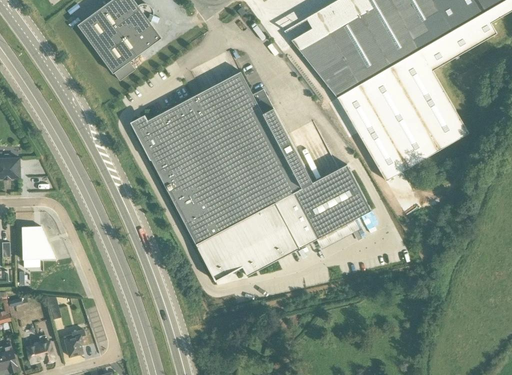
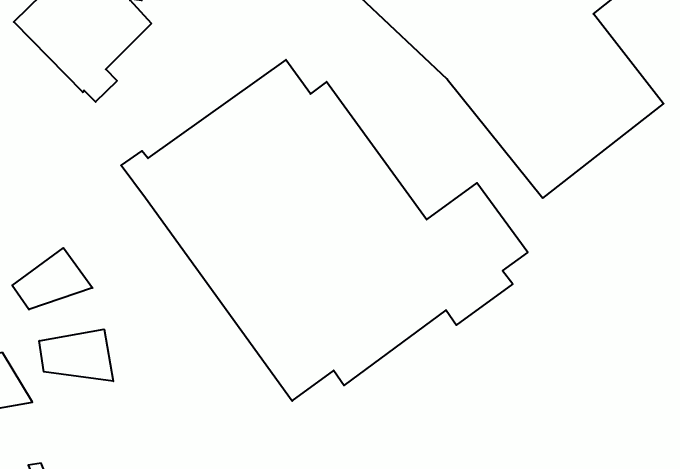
building: none -> [12,248,93,310]
building: none -> [39,329,113,381]

